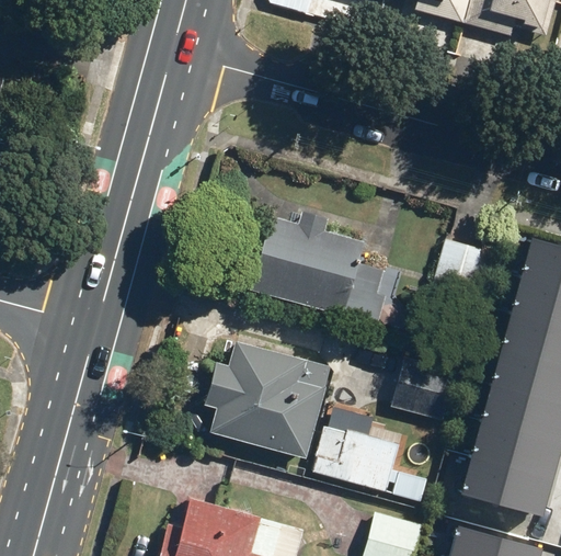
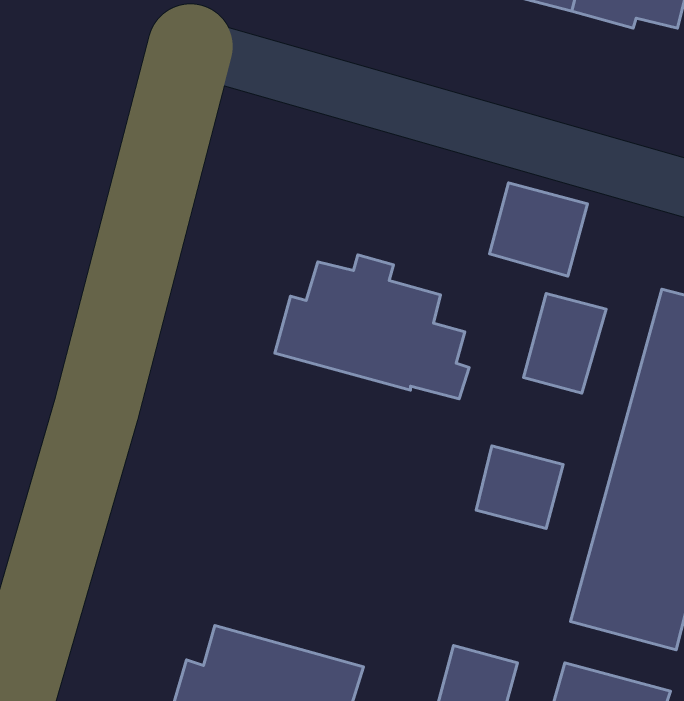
building: none -> [490,183,588,276]
building: [203,341,331,459] -> none
building: [311,425,400,492] -> none

